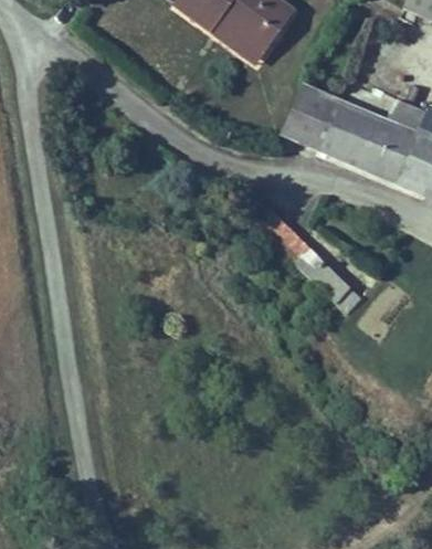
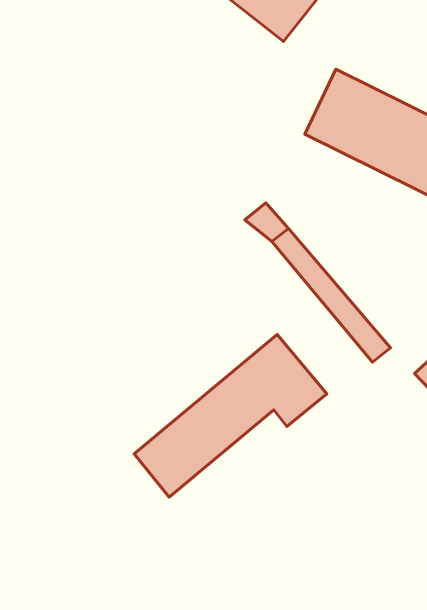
building: none -> [134,334,327,497]

